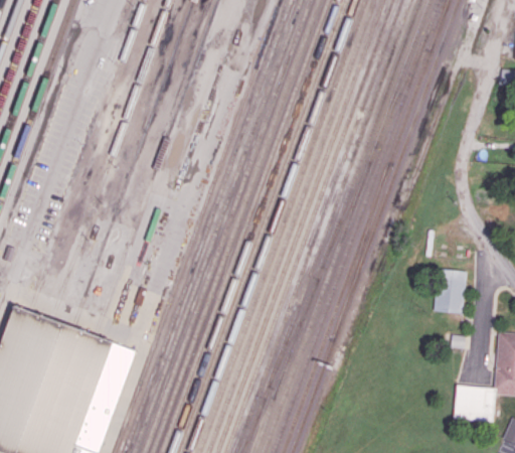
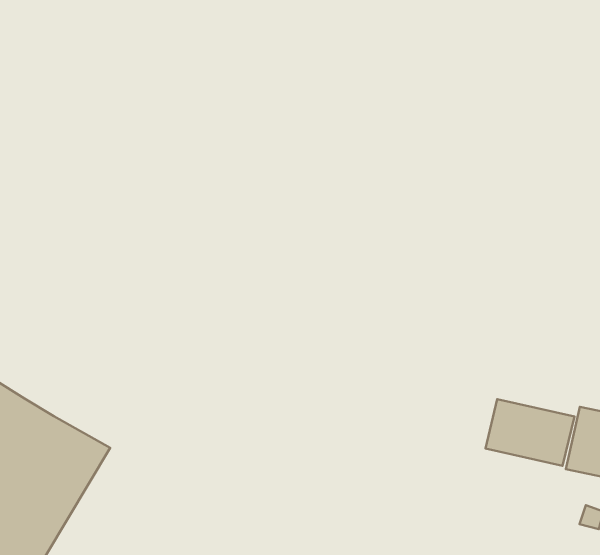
building: none -> [485,399,575,466]

